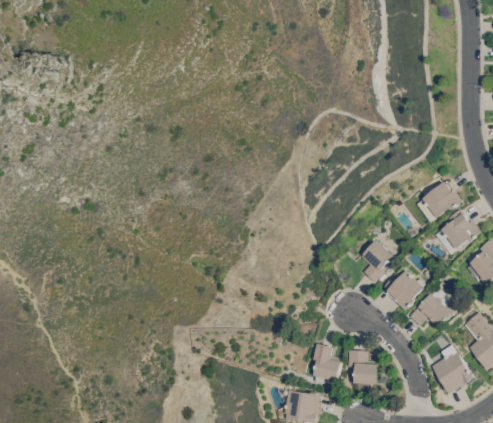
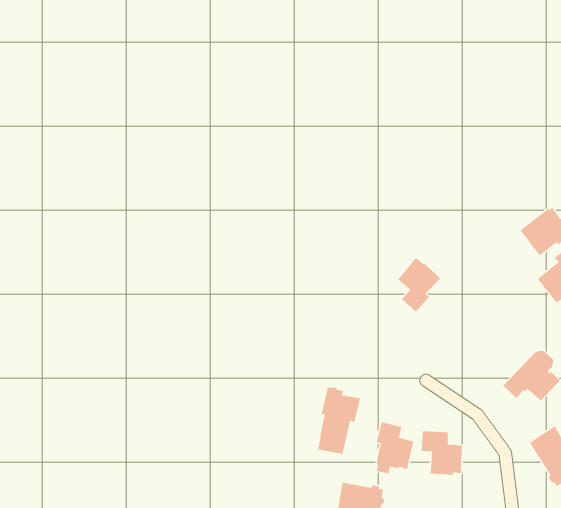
building: [361,239,394,281] -> [397,257,441,312]
building: [384,266,424,310] -> none
building: none -> [317,387,361,455]

